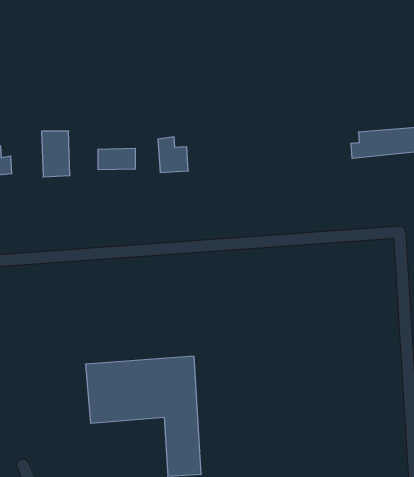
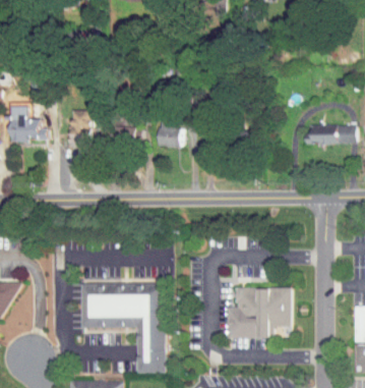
building: none -> [230,288,294,338]

